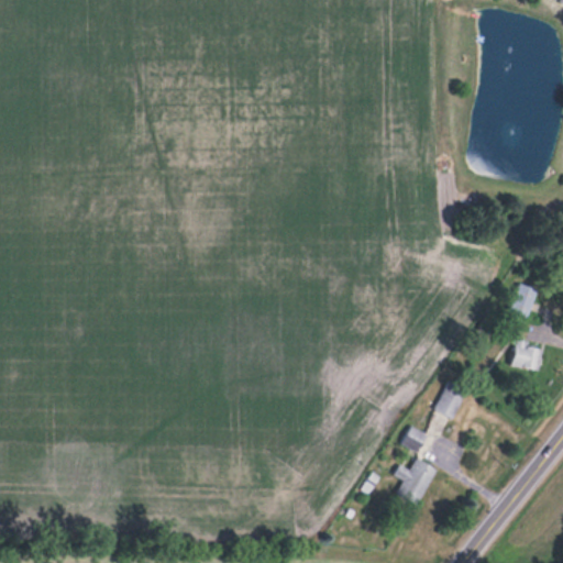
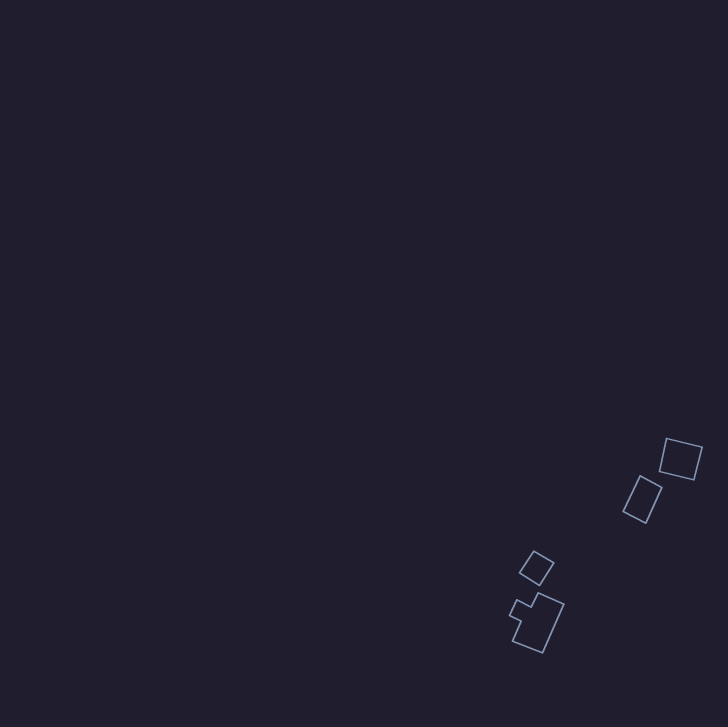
building: [508,284,538,321] -> none
building: [435,382,465,418] -> [623,476,662,523]

